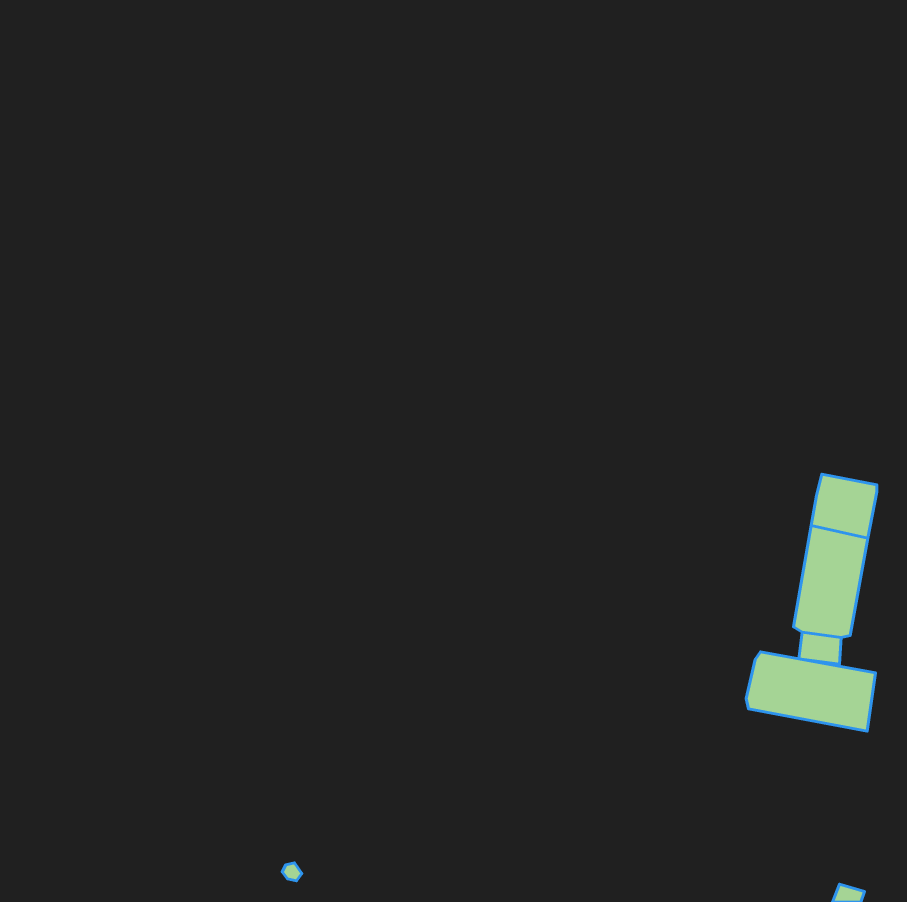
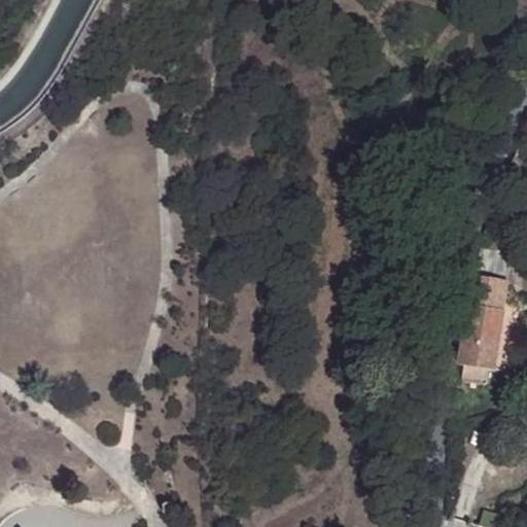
building: [746,652,875,731] -> none

